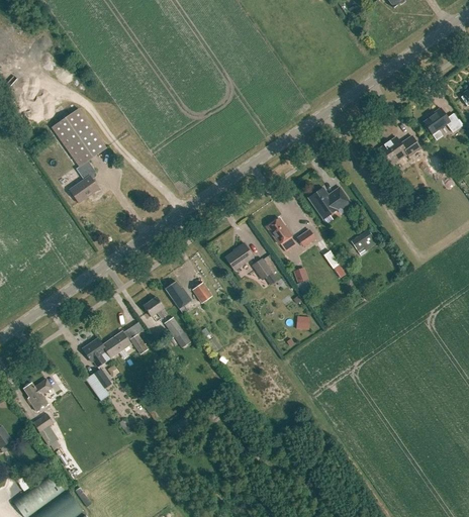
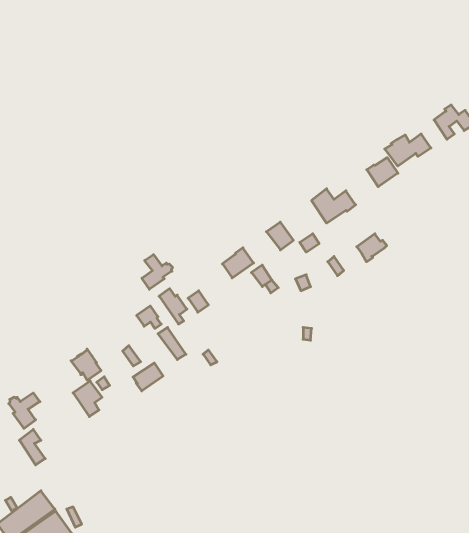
building: [52,108,106,203] -> none
building: none -> [367,158,398,187]
building: none -> [142,255,172,289]
building: [102,331,130,357] -> [133,363,163,391]

